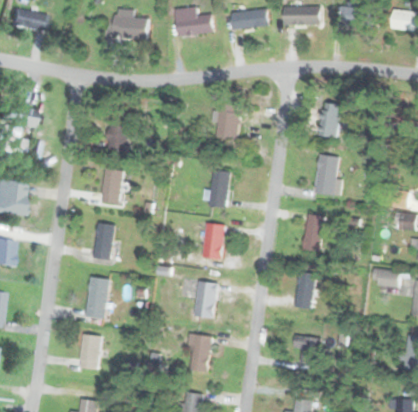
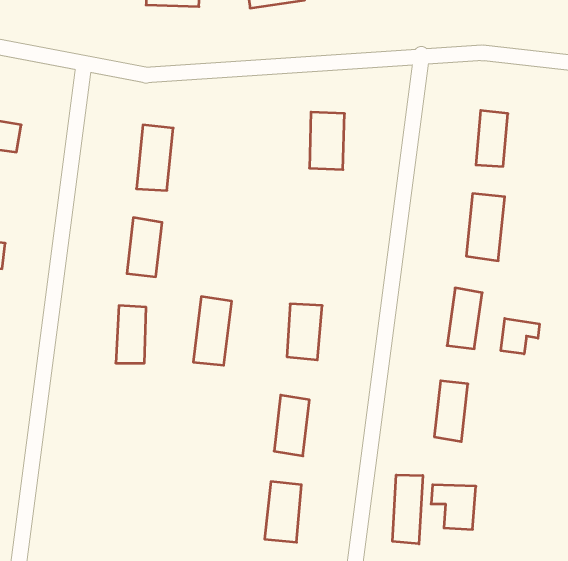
building: [206,178,228,207] -> none
building: none -> [501,318,539,354]
building: [86,276,110,319] -> [193,297,232,365]
building: none -> [393,475,423,544]
building: [80,334,101,370] -> none

